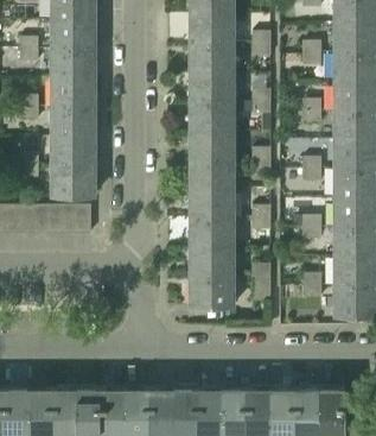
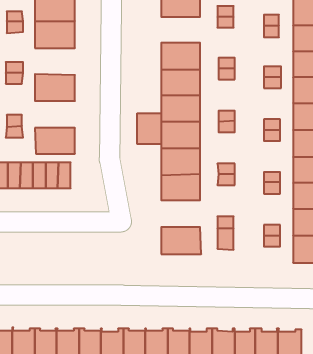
building: [190,45,232,74] -> none
building: [51,80,95,109] -> none
building: [51,138,95,168] -> none
building: none -> [137,113,161,144]
building: [190,247,232,277] -> none

